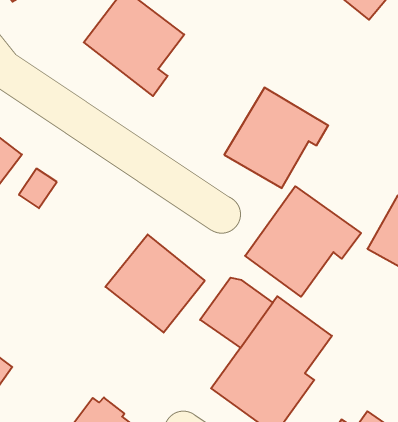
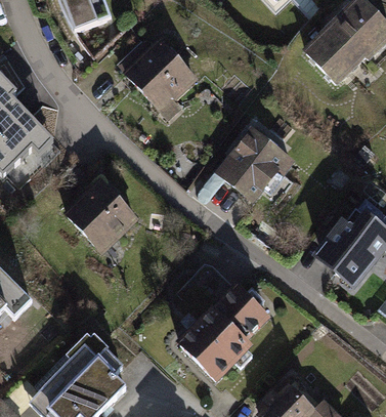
building: [245,186,361,297] -> none
building: [105,234,205,333] -> [63,179,138,254]

